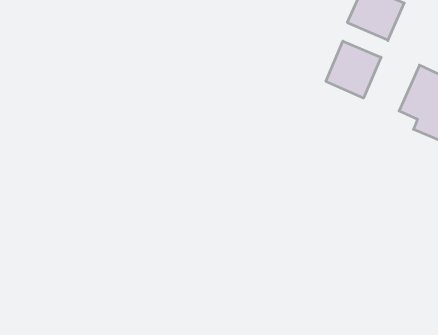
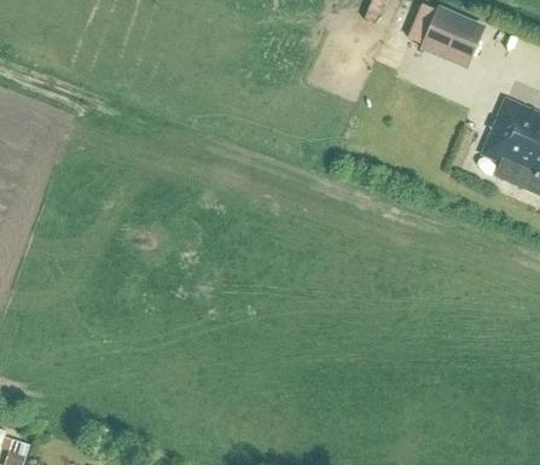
building: [326,41,381,98] -> none

